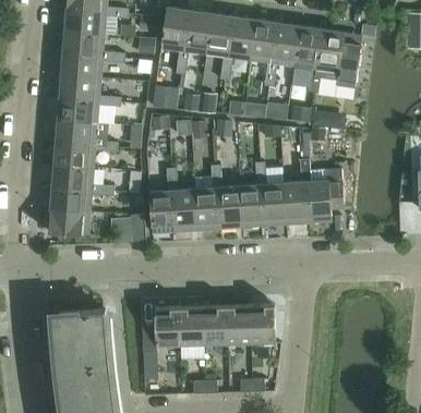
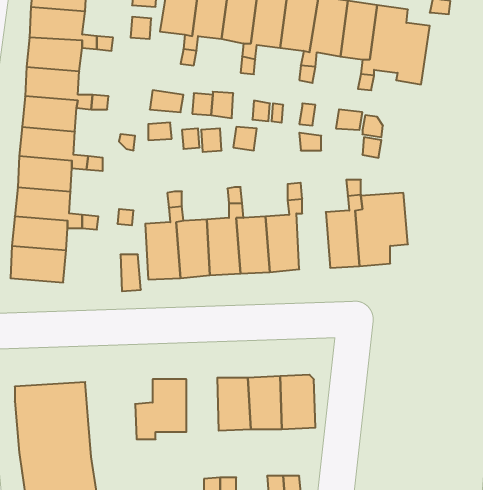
building: [261,183,286,226] -> none
building: [179,306,203,347] -> none

